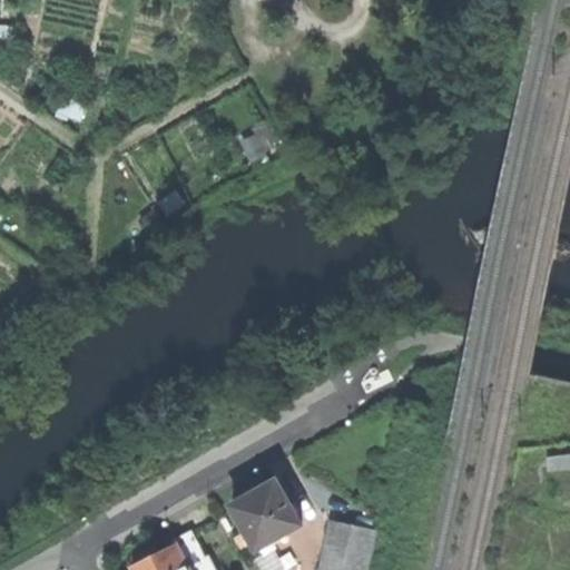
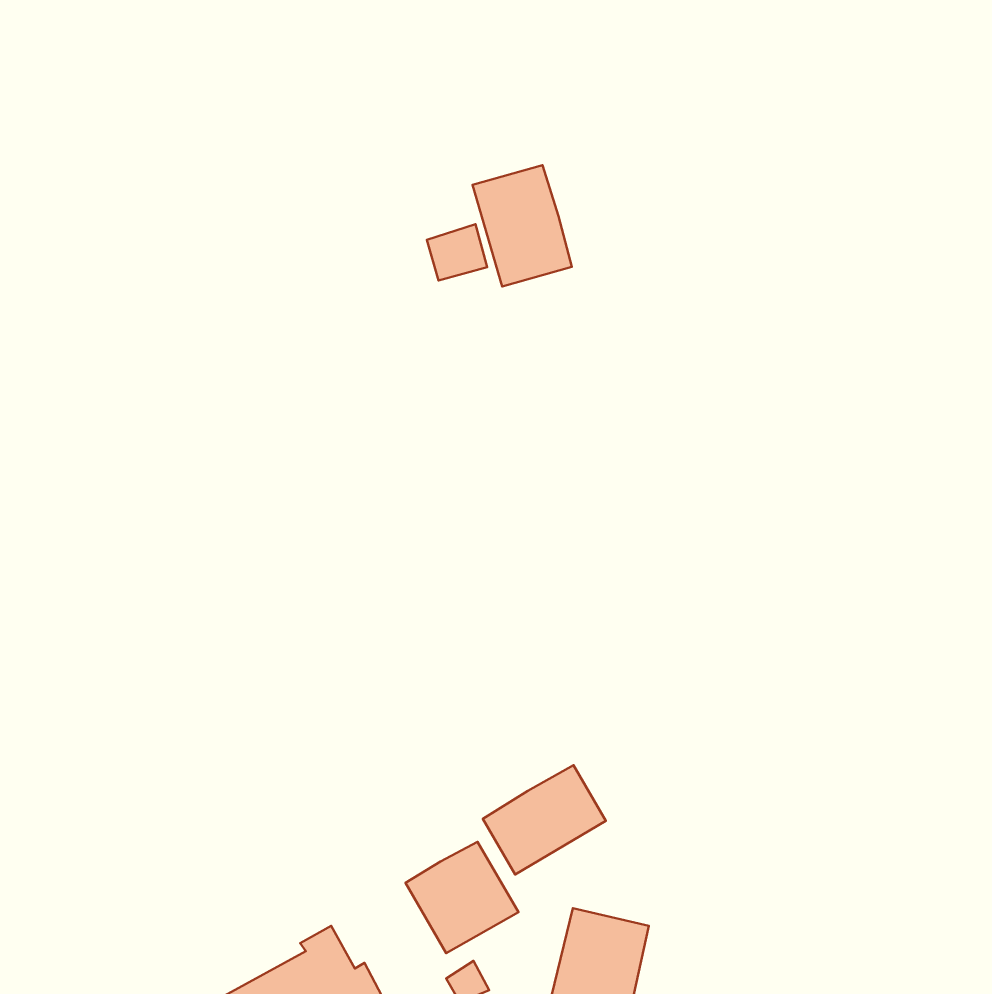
building: none -> [473,165,572,287]
building: none -> [483,765,606,874]

